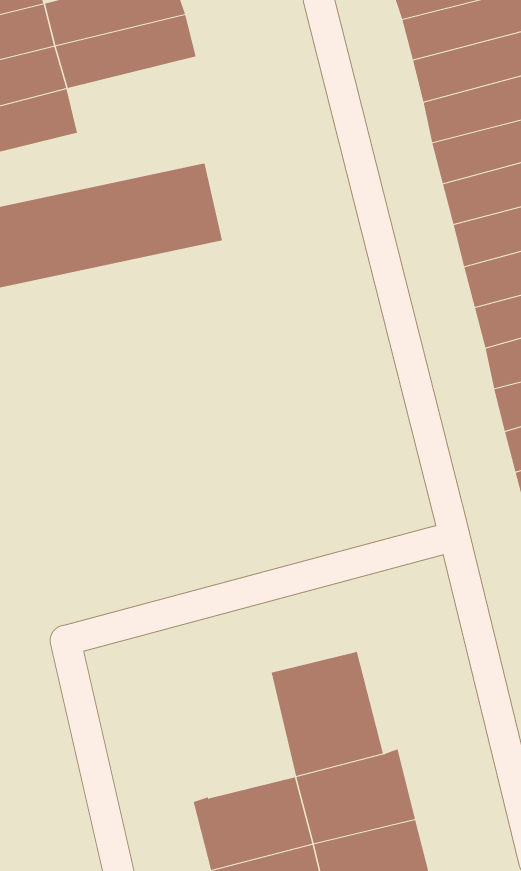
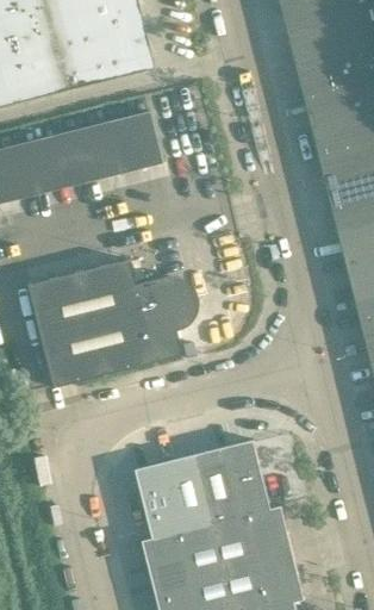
building: none -> [58,39,152,91]
building: none -> [26,260,195,387]
building: none -> [136,454,212,539]

